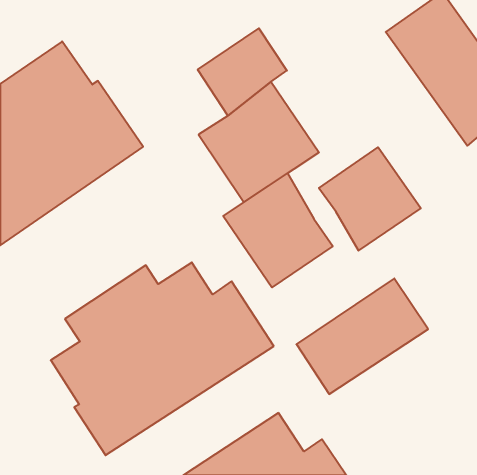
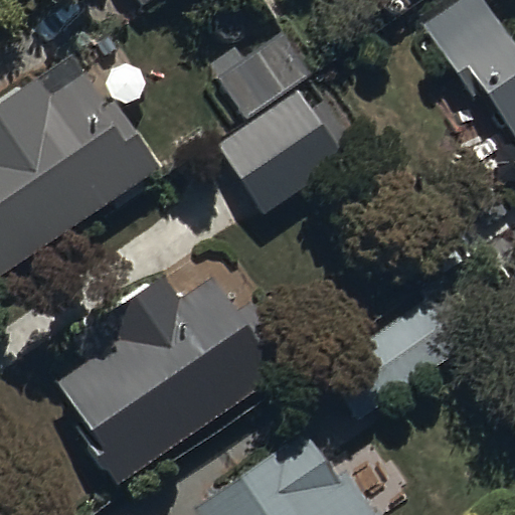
building: [319,147,421,251] -> none
building: [223,173,333,287] -> none

